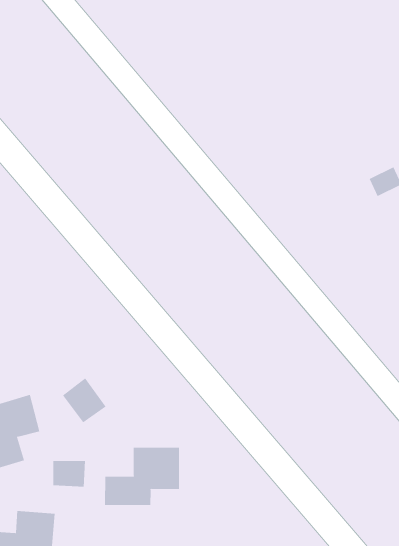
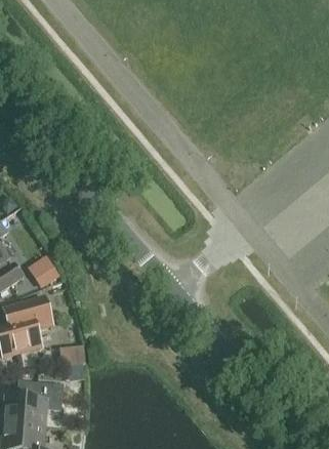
building: [62,377,106,423] -> [29,254,61,288]
building: [105,447,179,506] -> none

